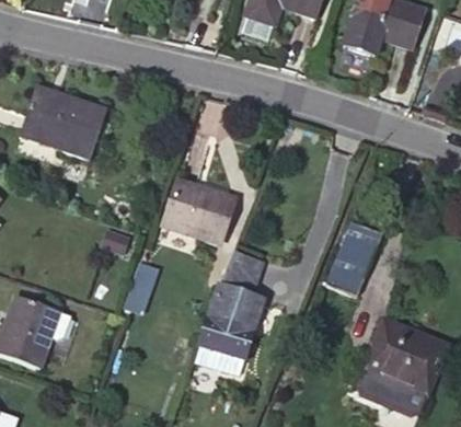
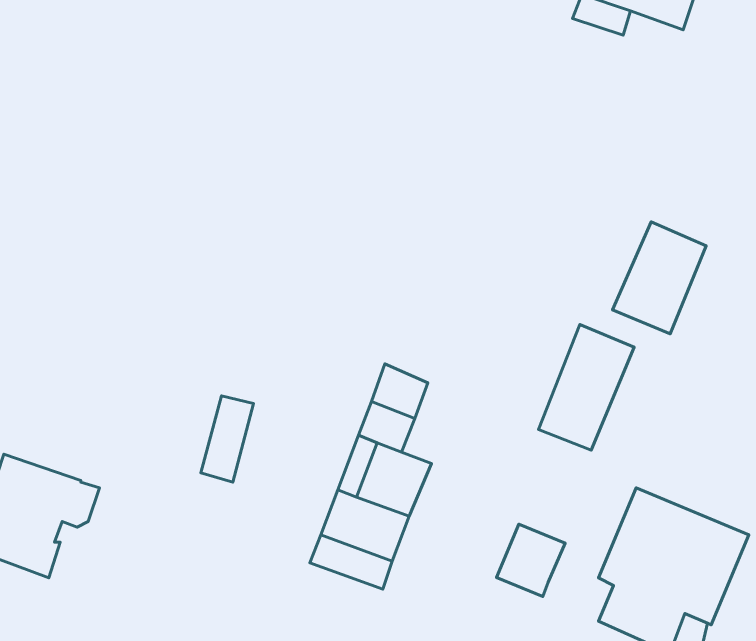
building: [21,86,106,159] -> none
building: none -> [612,222,706,334]
building: [163,181,234,243] -> none
building: none -> [497,524,565,596]

